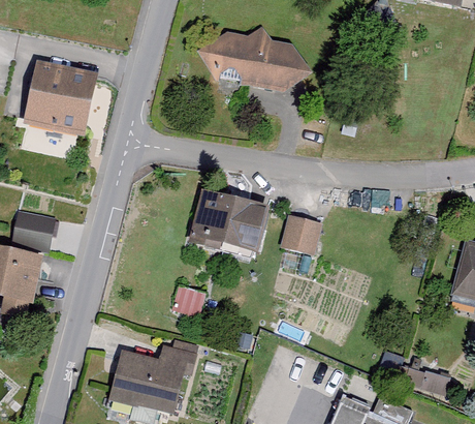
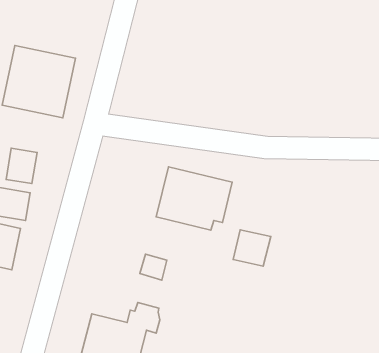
building: [197,24,314,92] -> none
building: none -> [6,148,37,184]
building: [280,218,320,258] -> [233,230,271,266]

